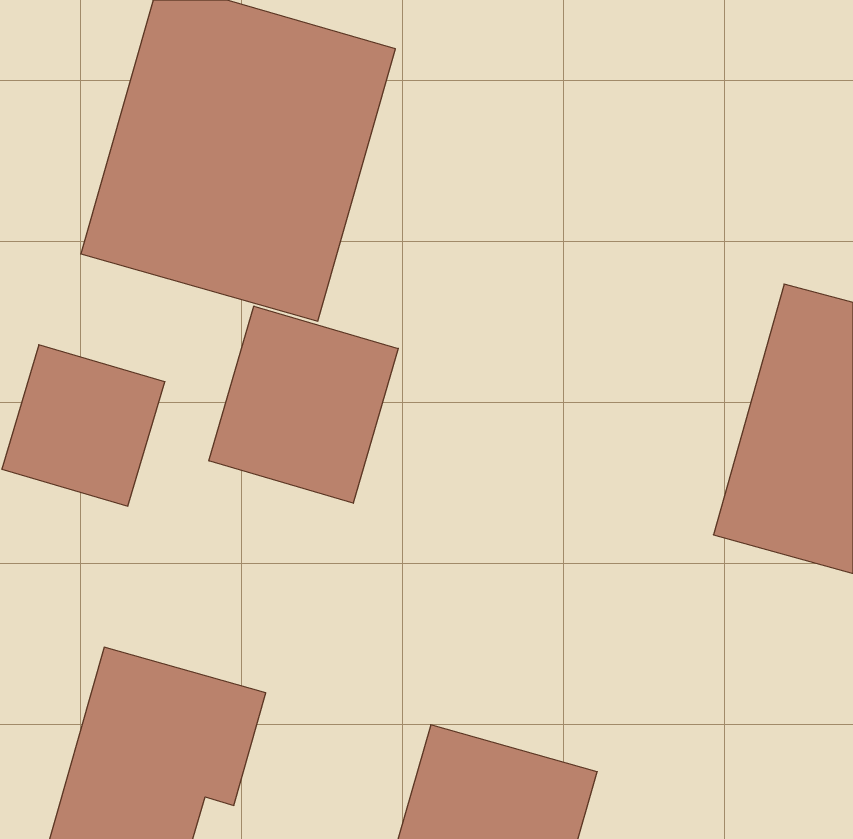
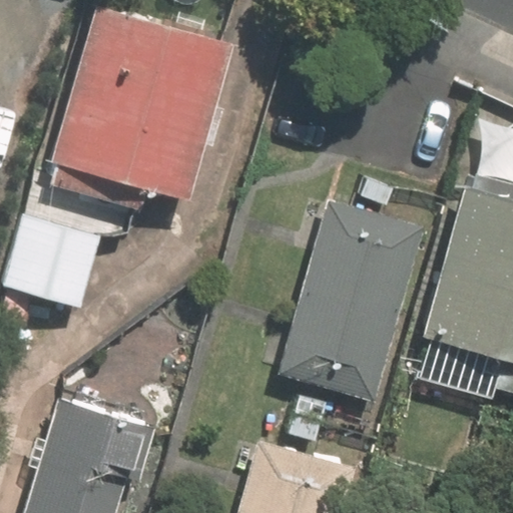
building: [209,306,398,503] -> none
building: none -> [277,199,426,402]

